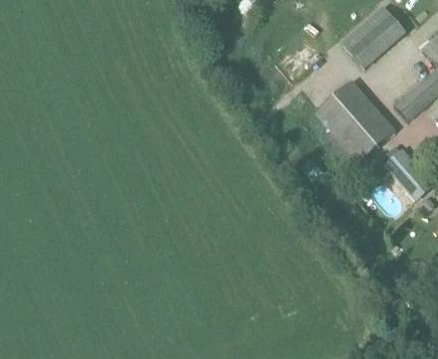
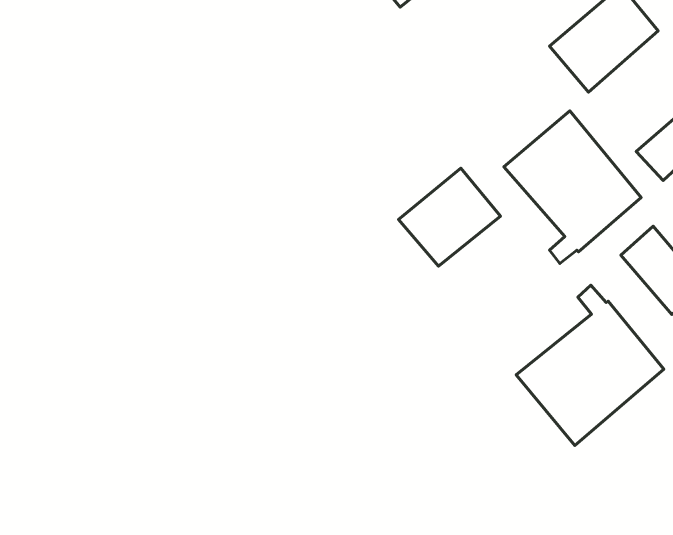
building: none -> [398,168,501,266]
building: none -> [516,285,664,445]

